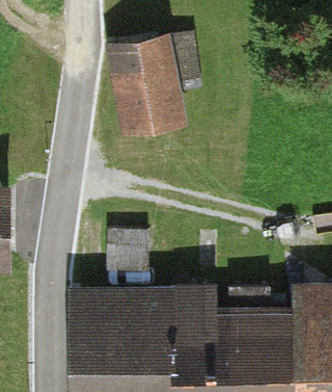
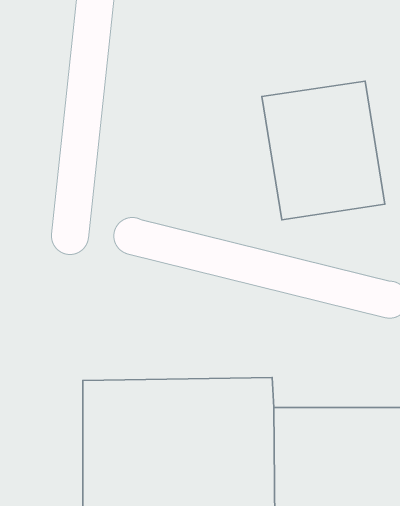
building: [106,35,196,137] -> [262,81,385,220]

